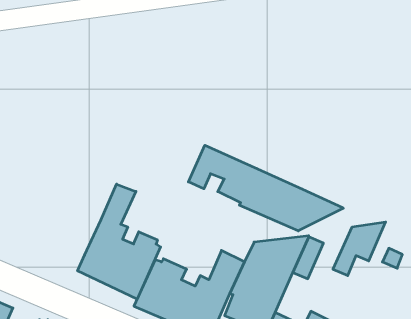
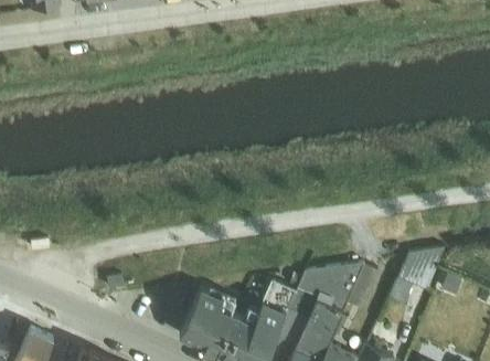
building: [188,145,343,231] -> none
building: [78,184,161,299] -> none

